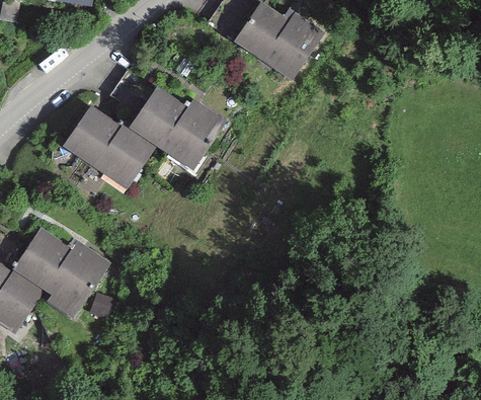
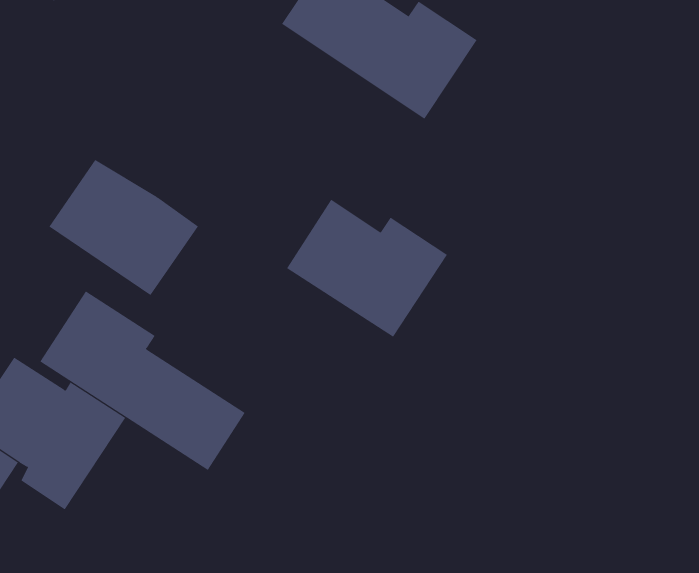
building: [130,85,229,170] -> [286,199,448,337]
building: none -> [39,290,245,471]

